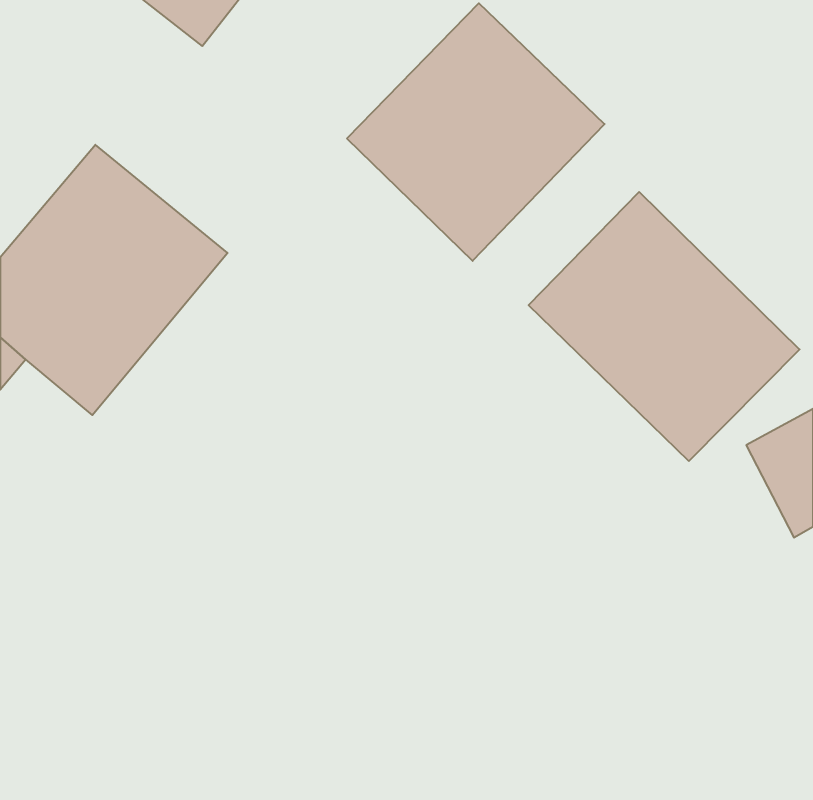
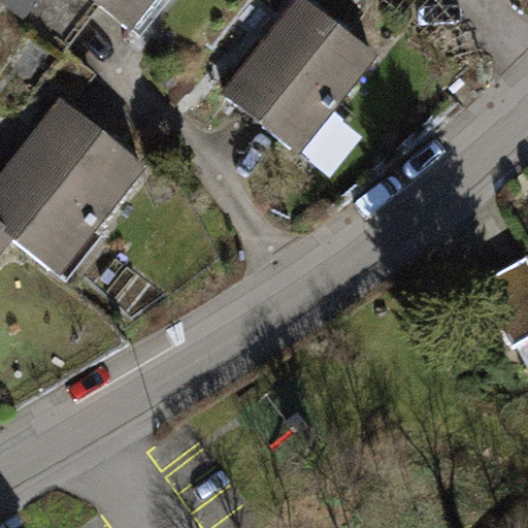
building: [529,192,800,461] -> none

